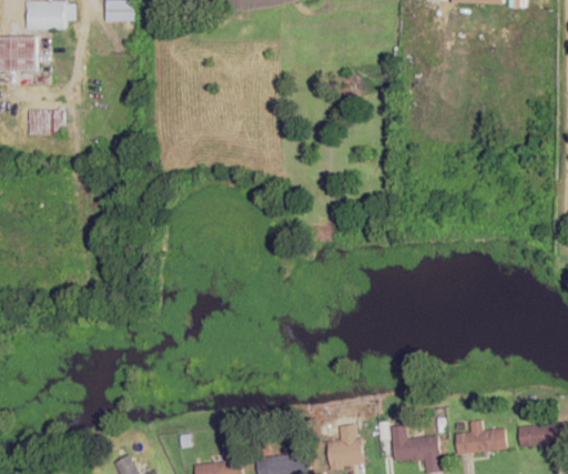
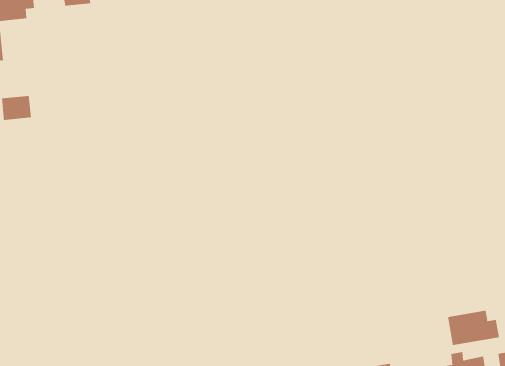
building: none -> [448,310,499,346]

